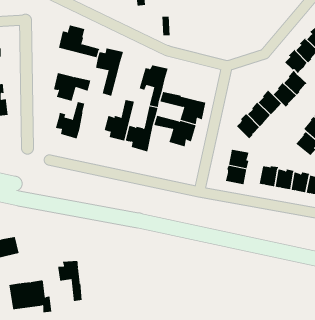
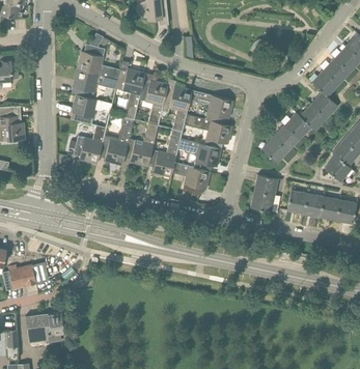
building: none -> [73,68,117,98]
building: none -> [138,80,168,124]
building: none -> [189,90,232,123]
building: none -> [100,116,133,165]
building: none -> [171,163,210,202]
building: [57,260,82,302] -> none

